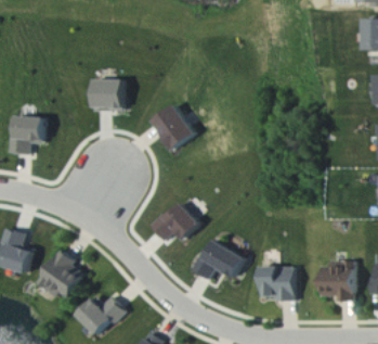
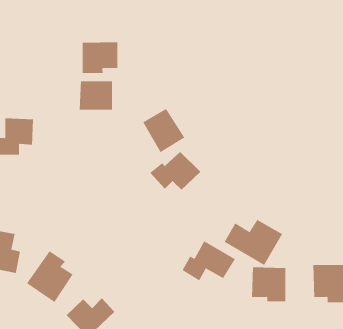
building: none -> [82,41,118,74]
building: [149,202,200,241] -> [150,151,201,191]
building: none -> [224,219,283,266]

